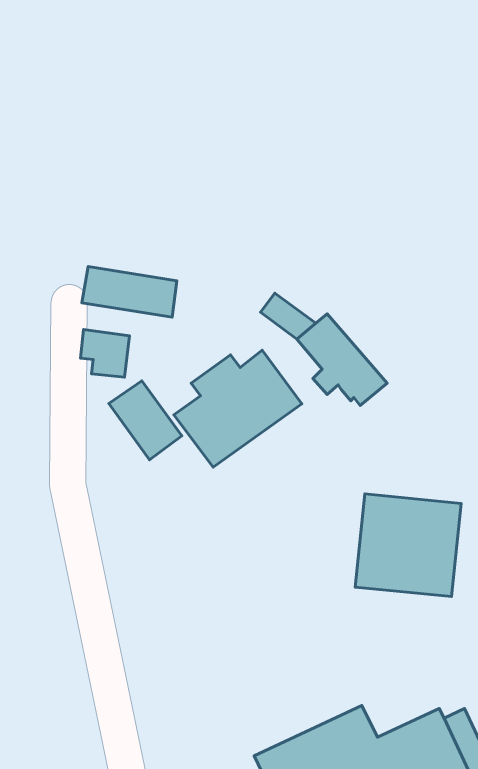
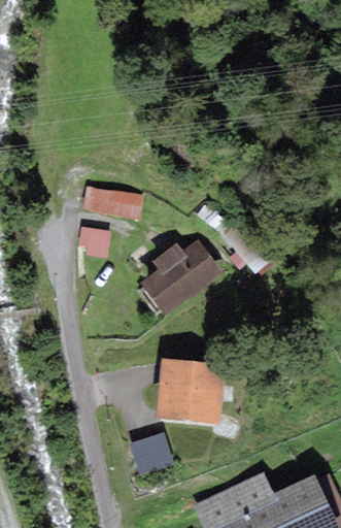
building: [109,381,182,460] -> none
building: [355,494,461,597] -> [155,358,224,425]
building: none -> [129,433,174,476]

